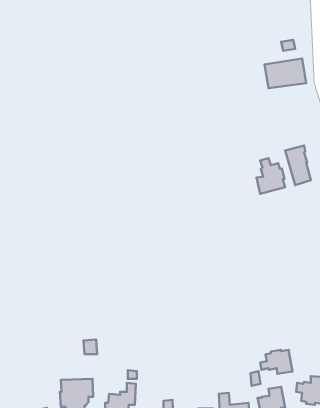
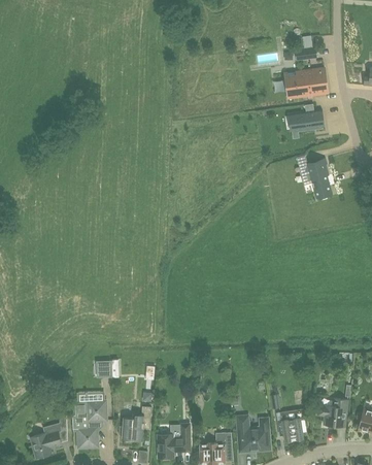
building: none -> [288,110,325,131]
building: [256,158,285,194] -> none
building: [260,350,293,374] -> none

